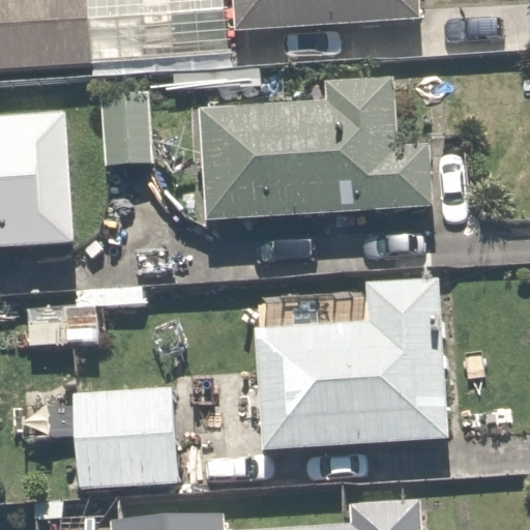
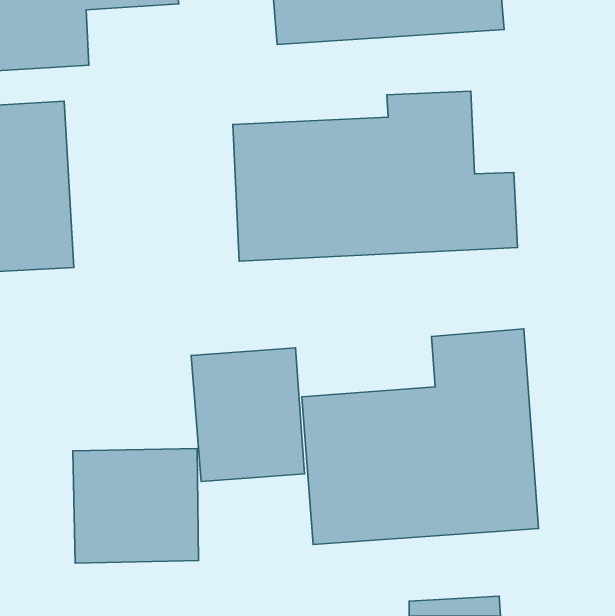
building: none -> [191,348,304,481]

